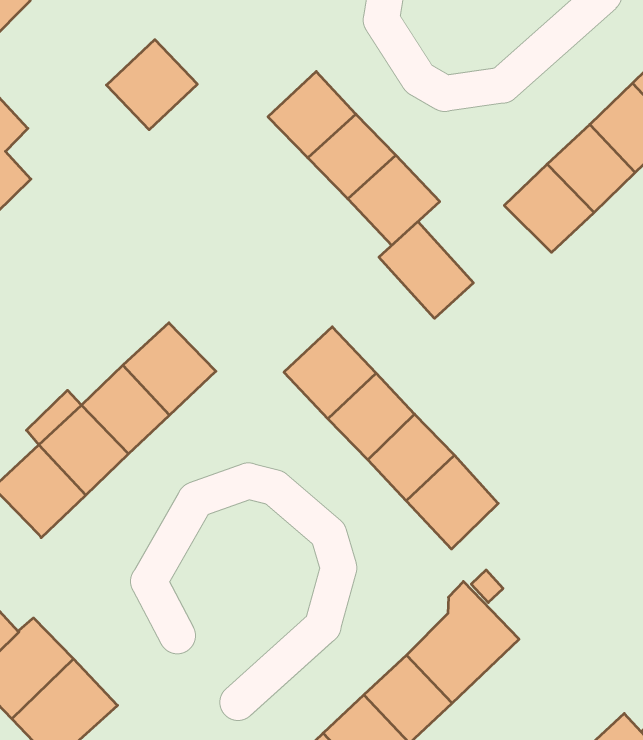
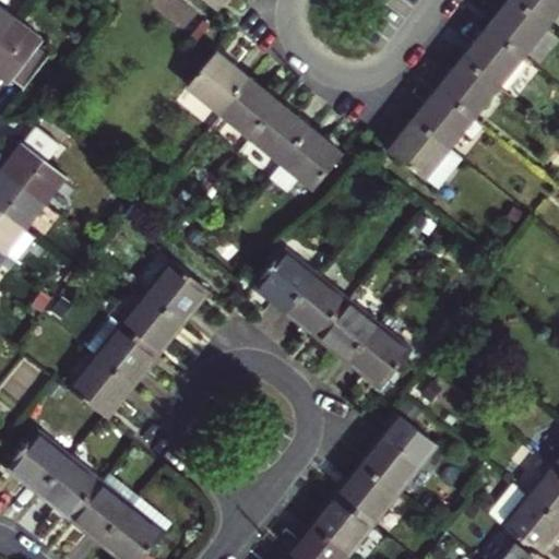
building: [106,40,197,130] -> [188,53,249,115]
building: [379,222,473,318] -> none

